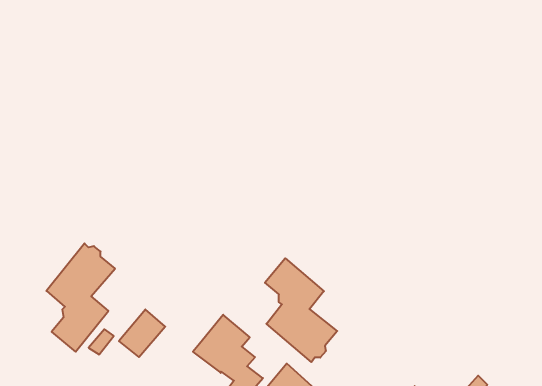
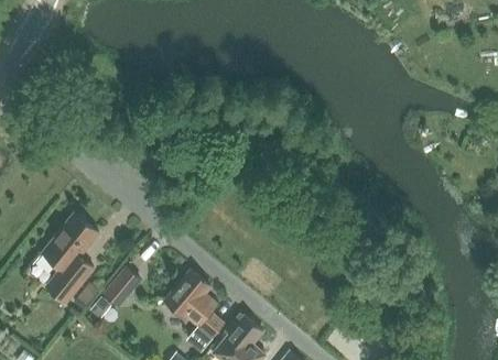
building: [265,258,337,362] -> none

